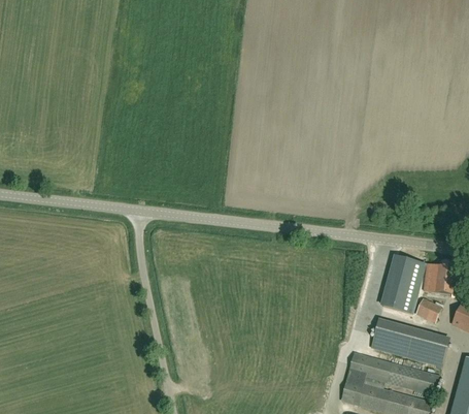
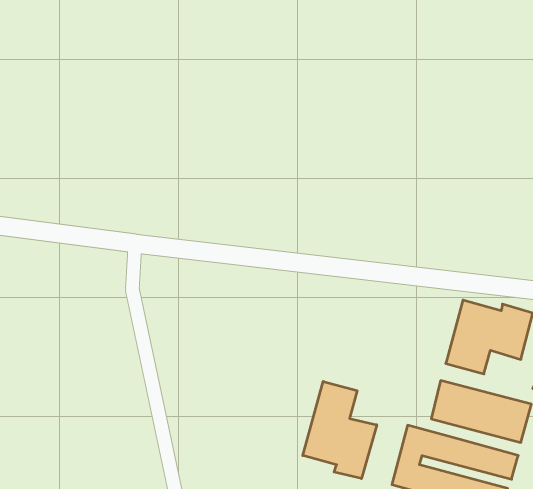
building: [414,297,441,323] -> none
building: none -> [303,381,377,479]

